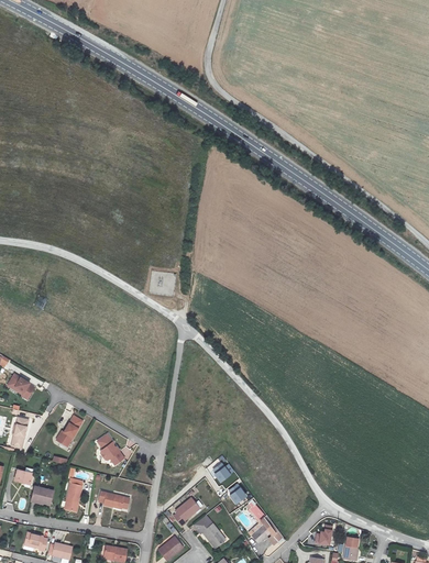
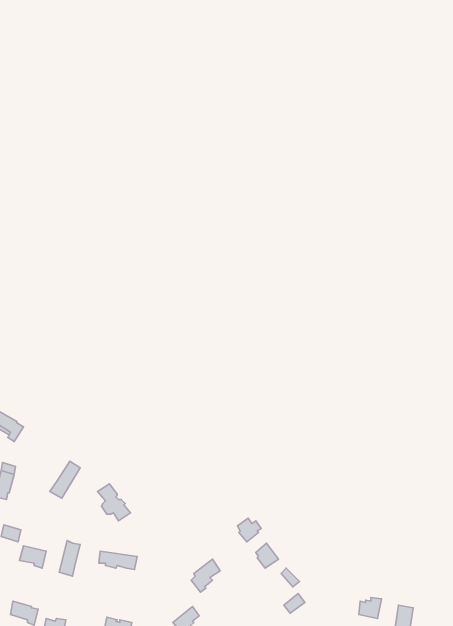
building: [195,514,224,548] -> none

